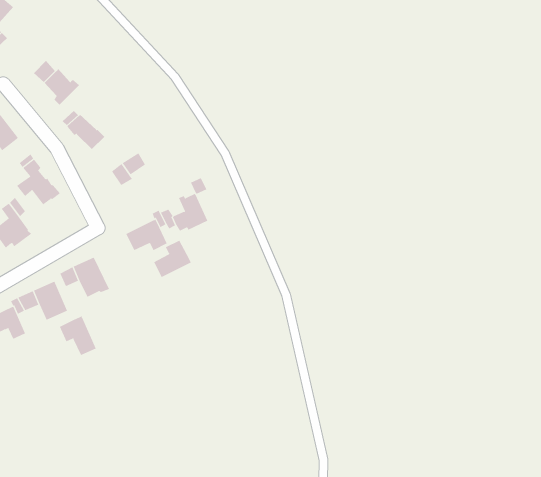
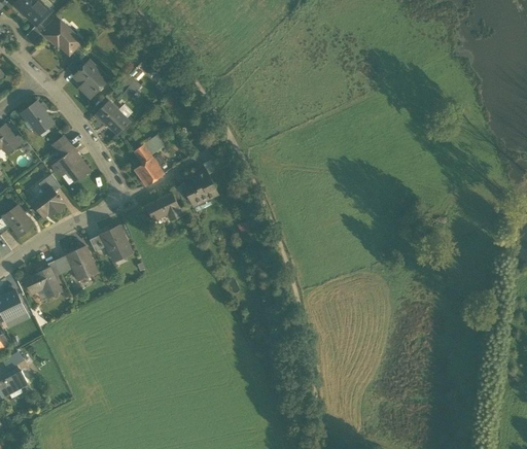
building: none -> [46,22,80,55]
building: none -> [134,159,163,186]
building: [154,240,192,278] -> none
building: [59,316,96,356] -> none

